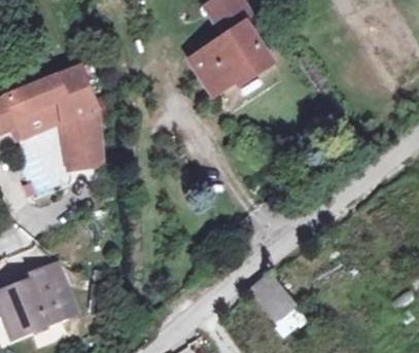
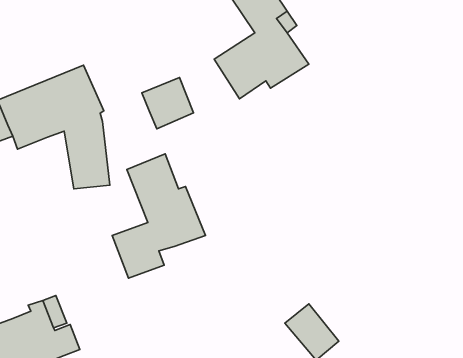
building: none -> [142,77,194,129]
building: none -> [112,154,206,278]

